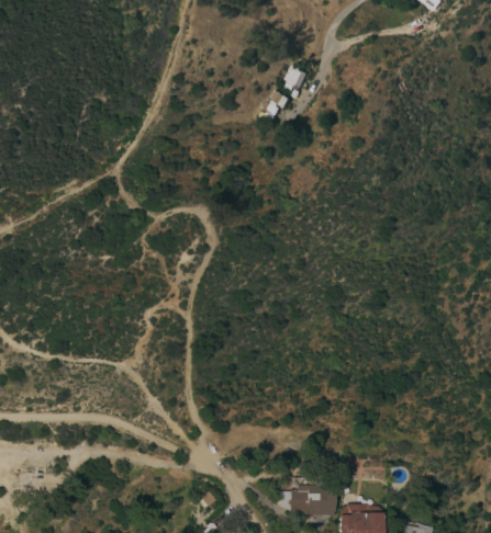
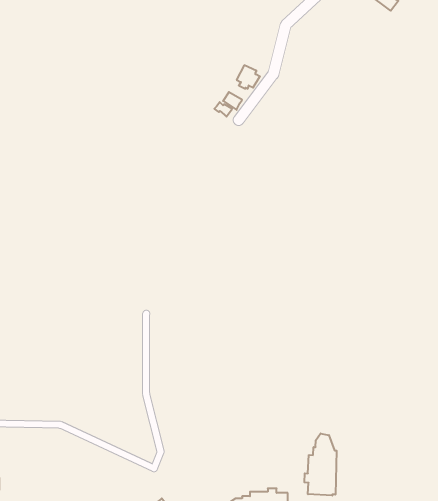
building: none -> [304,433,337,496]

